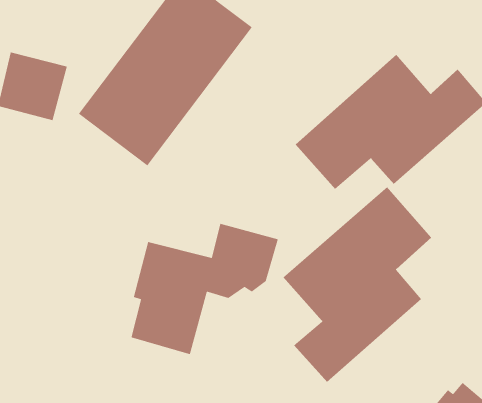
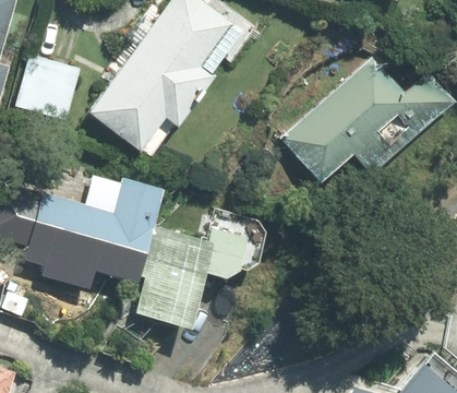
building: [282,186,432,383] -> none
building: none -> [26,178,161,282]

